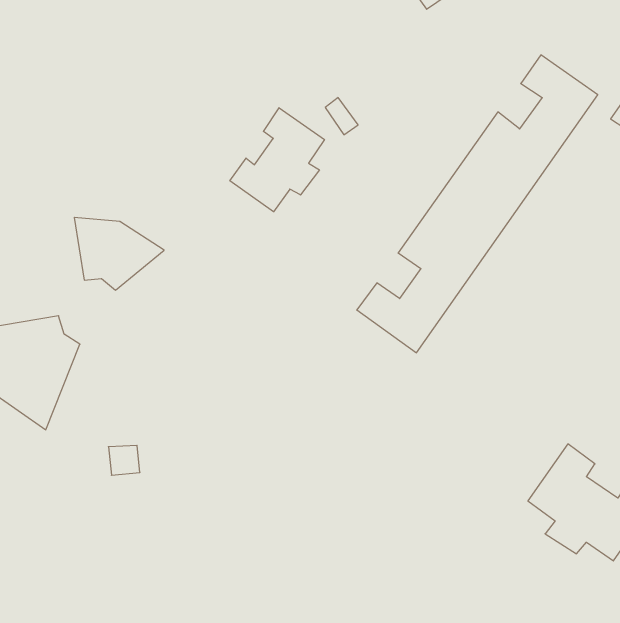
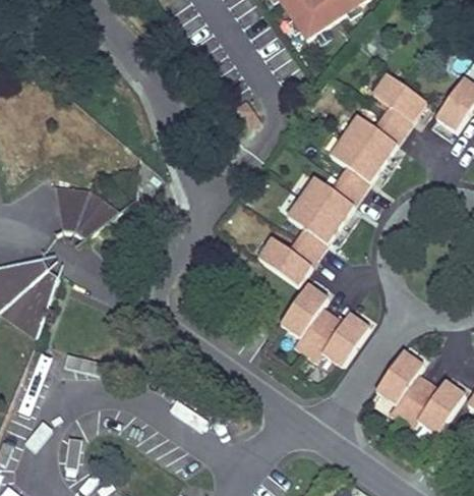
building: [230,108,324,212] -> none
building: none -> [283,282,373,367]

